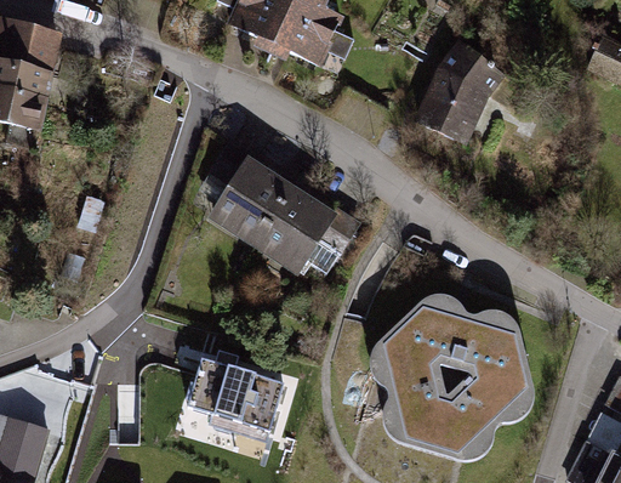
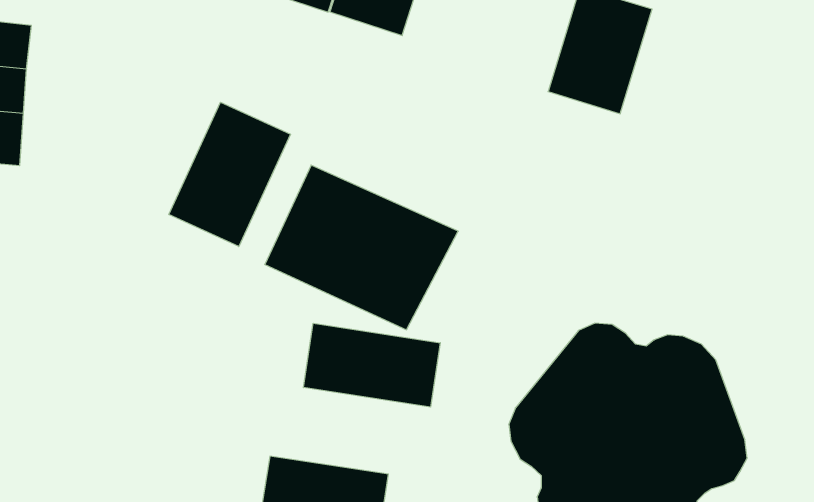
building: none -> [169,102,290,247]
building: none -> [303,323,440,407]

